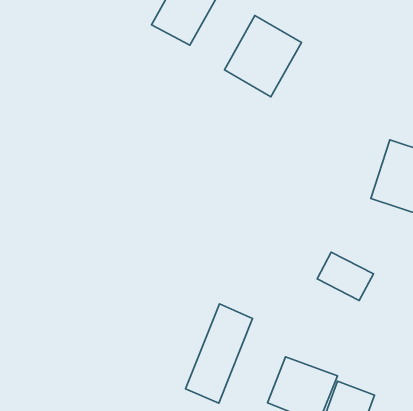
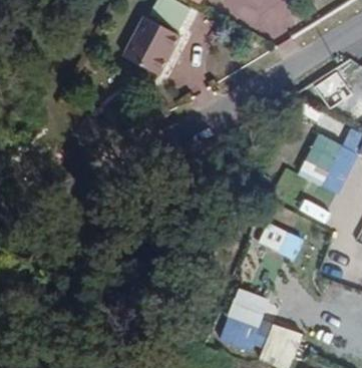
building: [224,15,301,97] -> none
building: [186,304,253,403] -> none

